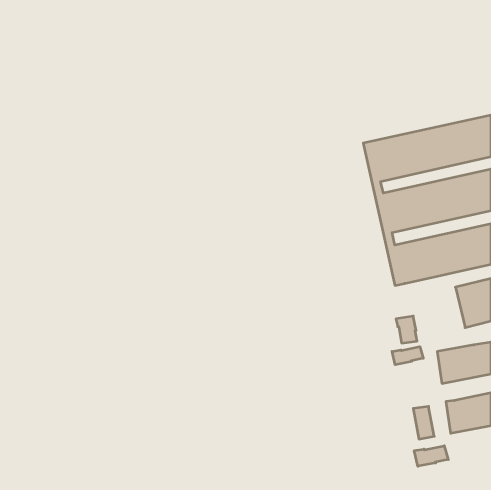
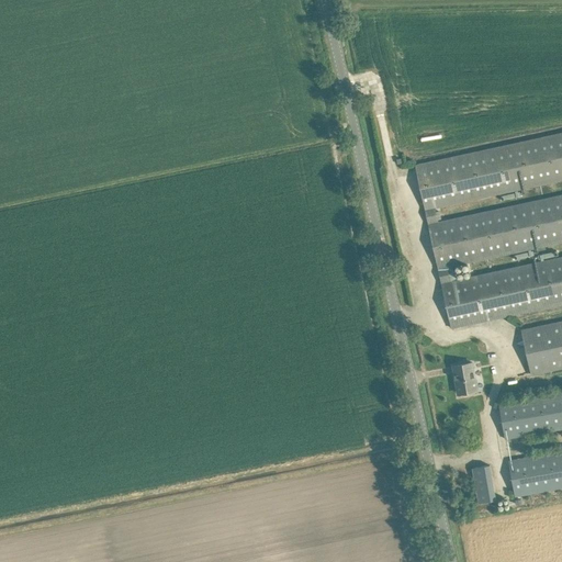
building: [392,347,423,365] -> none
building: [414,446,448,466] -> none

